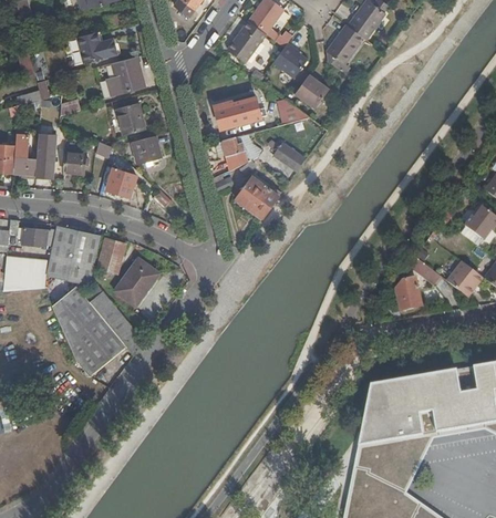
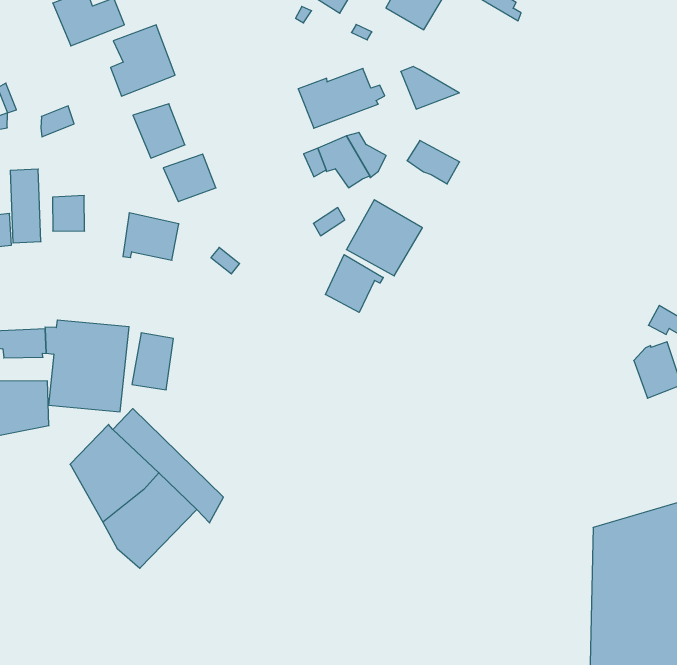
building: [296,73,329,107] -> none
building: none -> [325,255,383,312]
building: [114,257,161,305] -> none

